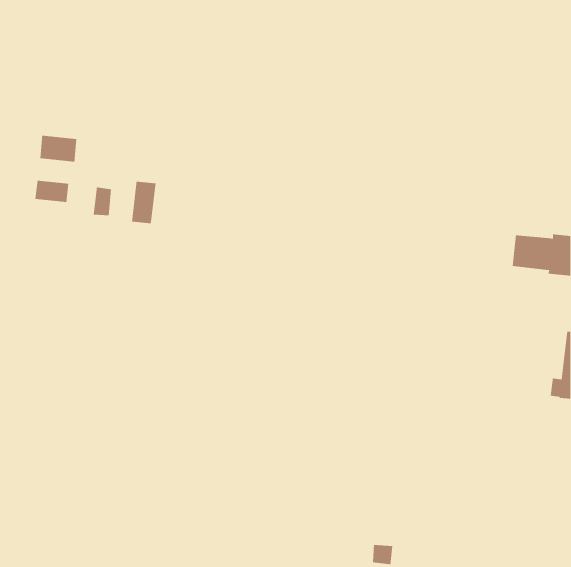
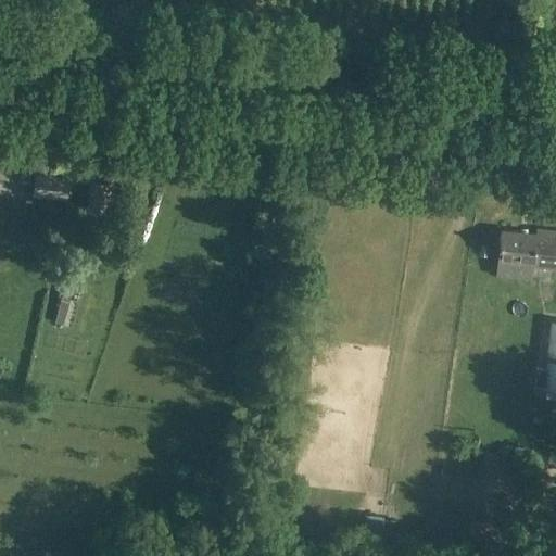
building: [40,135,77,162] -> none
building: [131,181,156,224] -> none

